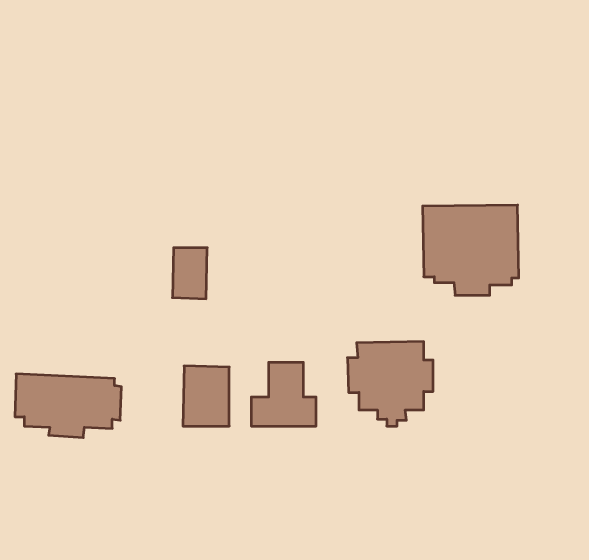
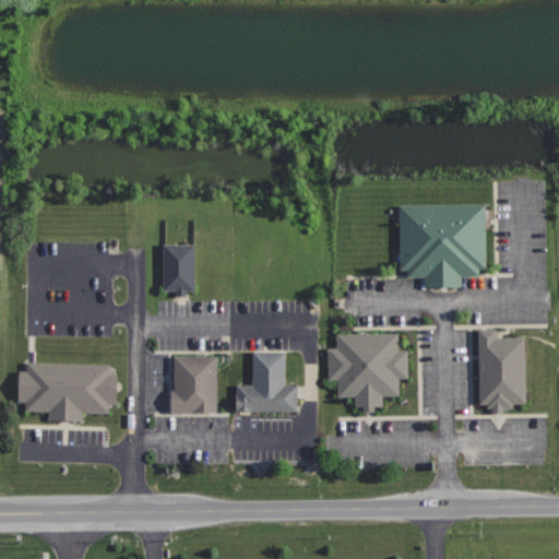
building: none -> [478,329,525,413]

